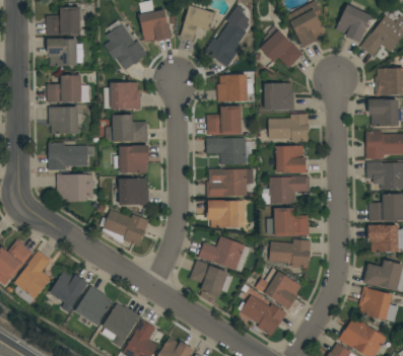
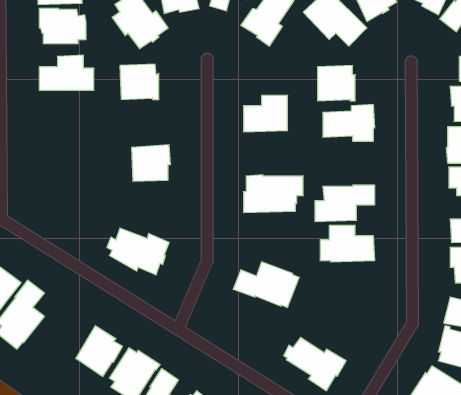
building: [216,74,248,102] -> none
building: [48,106,78,134] -> none
building: [105,115,147,143] -> none
building: [206,138,246,165] -> none
building: [48,143,94,170] -> none
building: [275,146,306,173] -> none
building: [57,174,93,202] -> none
building: [119,179,148,206] -> none
building: [207,200,238,228] -> none
building: [265,239,311,269] -> none
building: [189,260,231,297] -> none
building: [259,268,300,310] -> none
building: [50,271,87,312] -> none

